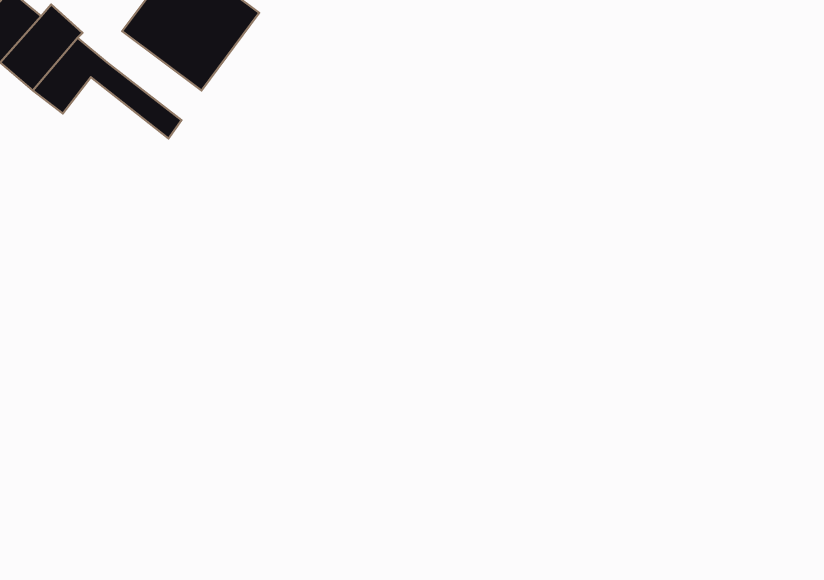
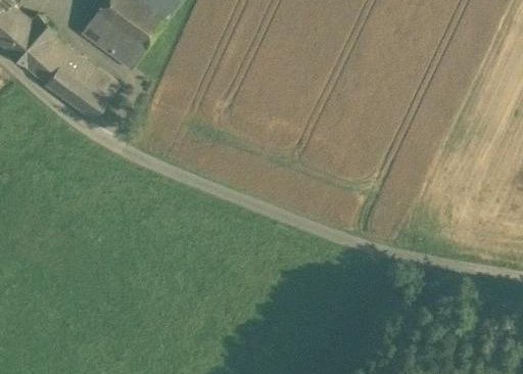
building: none -> [44,60,109,120]

